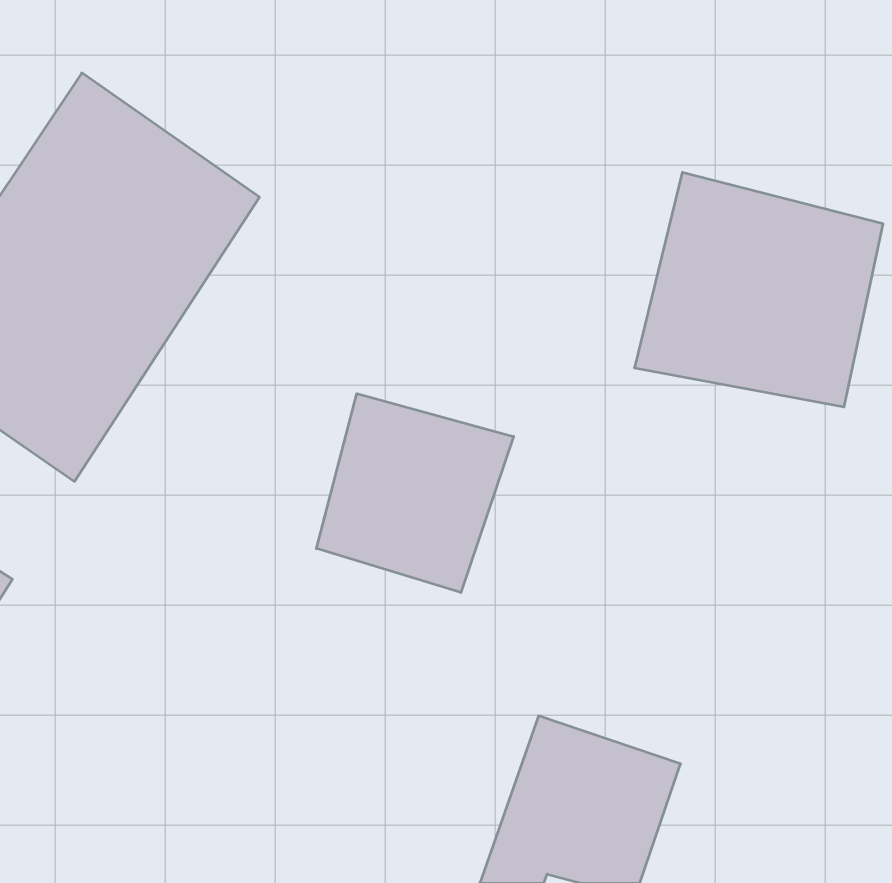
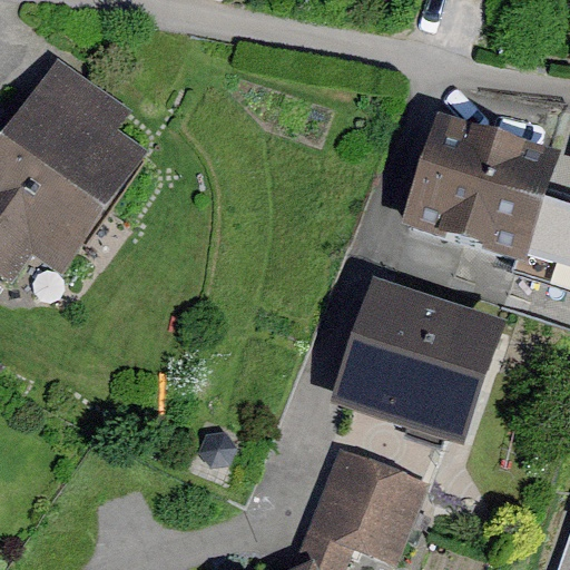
building: [316,394,514,593] -> none
building: none -> [340,276,498,446]

